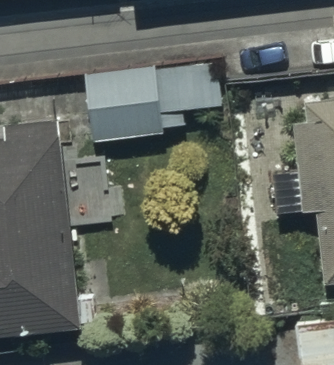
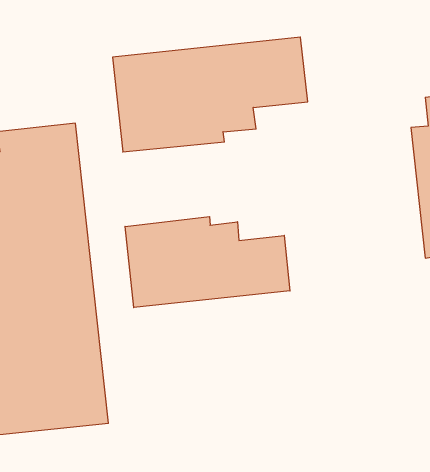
building: none -> [125,217,290,308]

